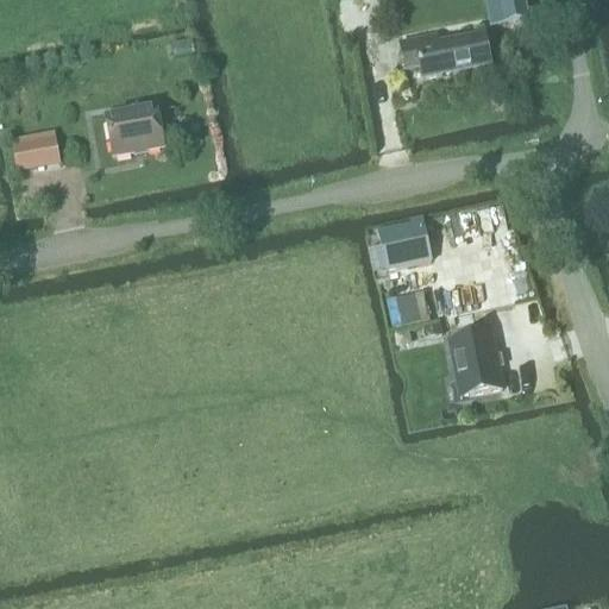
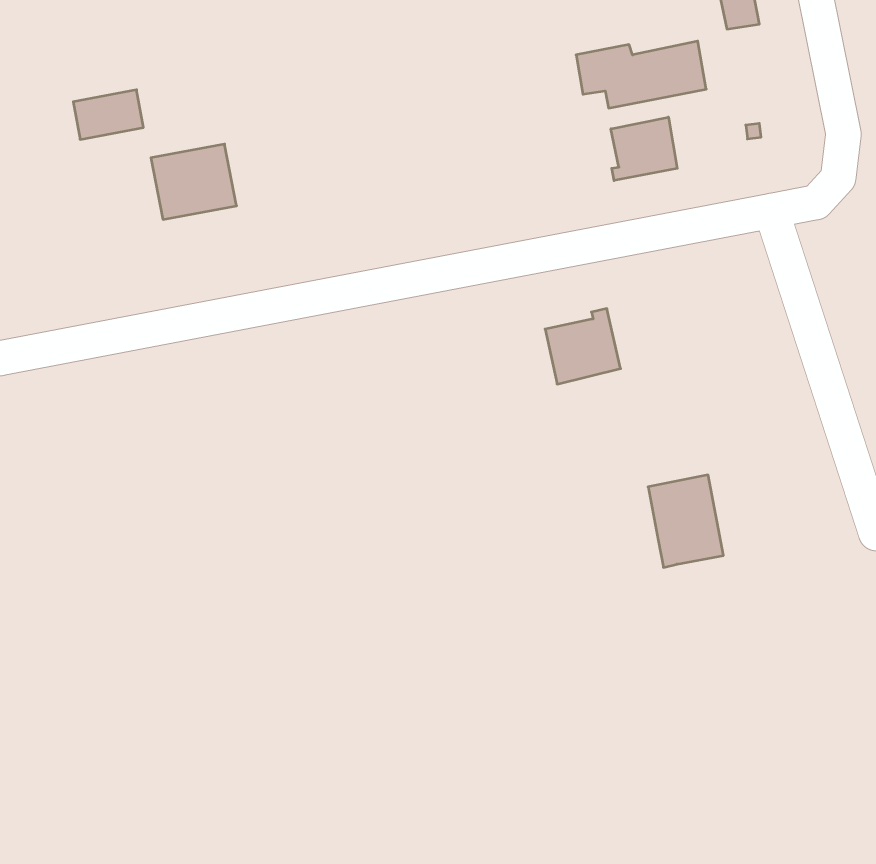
building: none -> [611,117,677,181]
building: [12,133,61,168] -> [73,90,143,139]

